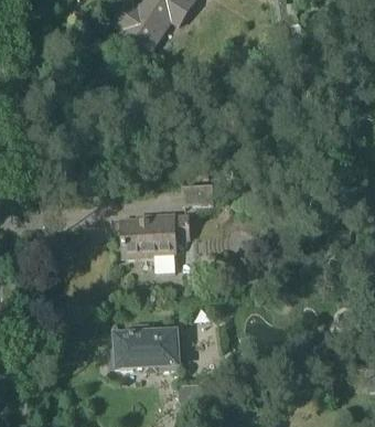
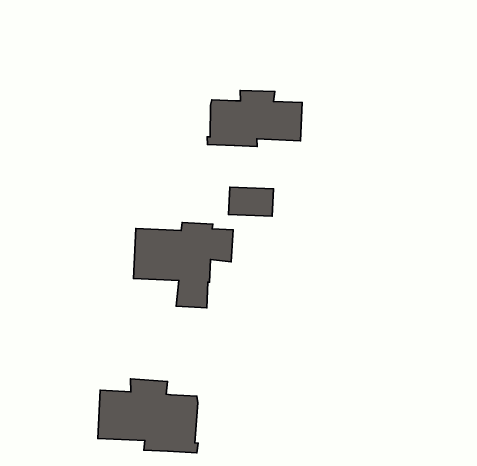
building: none -> [207,91,302,146]

